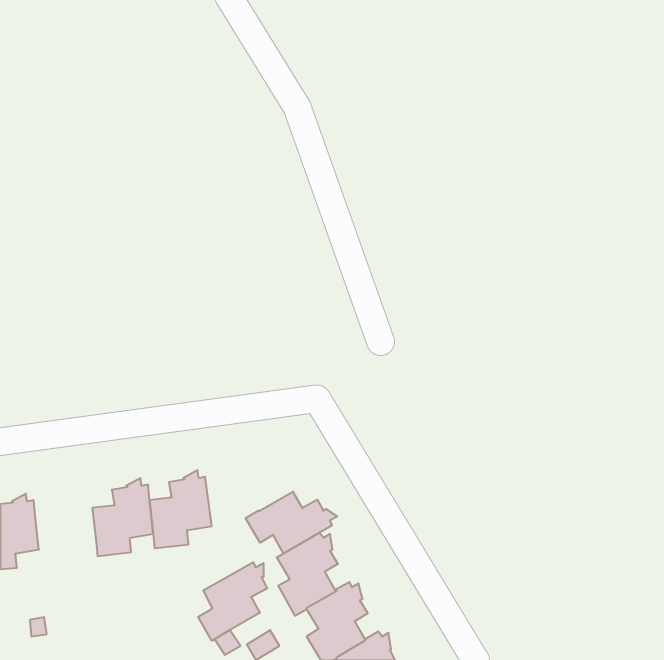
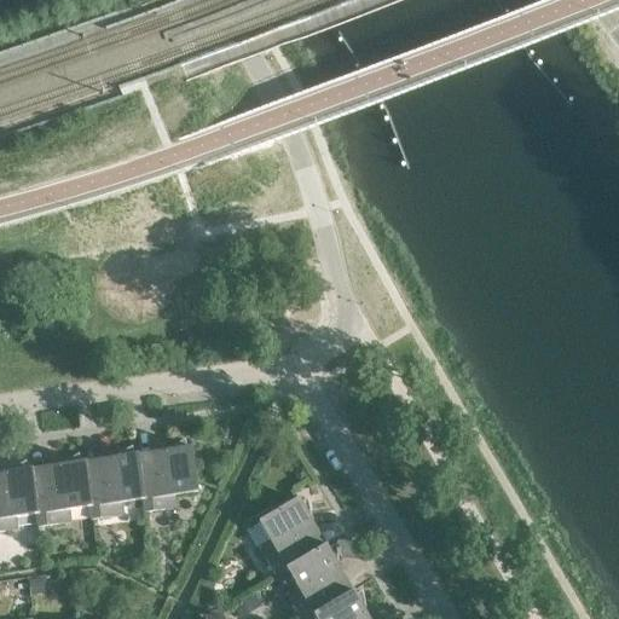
building: none -> [33,452,89,525]
building: [246,491,337,554] -> none
building: [198,562,267,641] -> none

